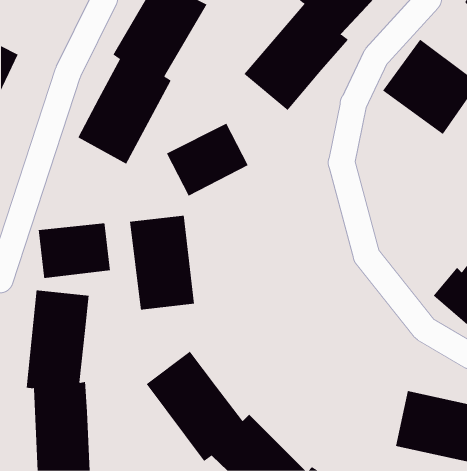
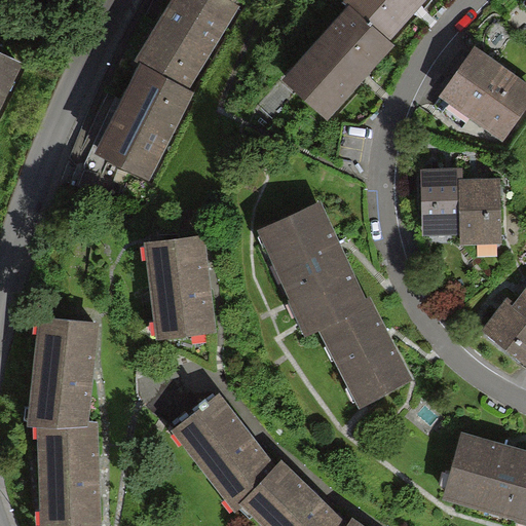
building: [166,123,248,197] -> none
building: none -> [426,171,509,248]
building: none -> [252,201,411,409]
building: [38,222,110,279] -> none

